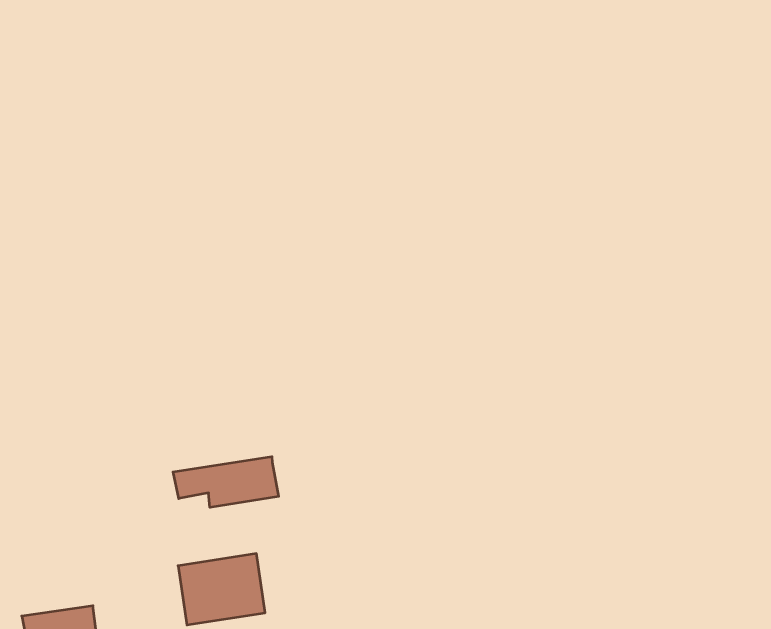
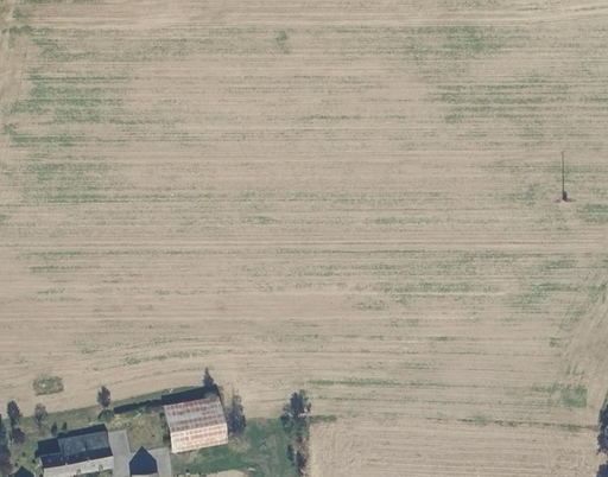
building: [173,457,279,507] -> none

